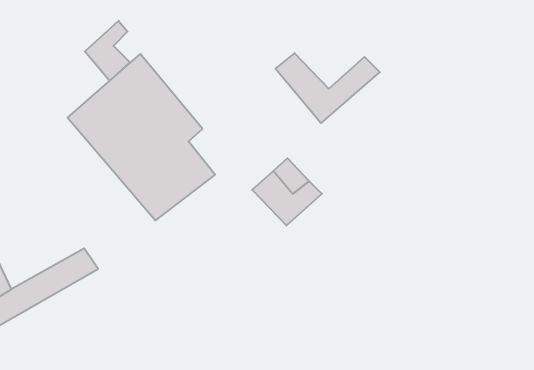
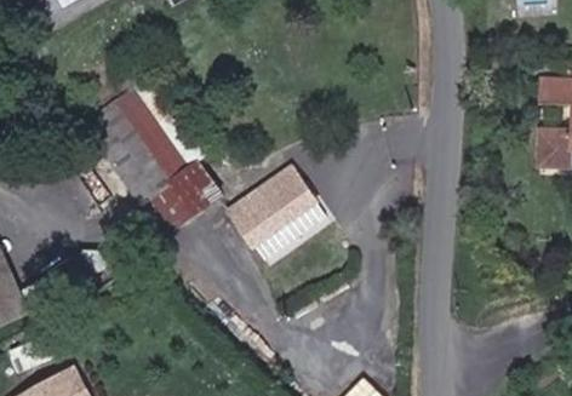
building: [85,21,130,81] -> none
building: [276,53,380,123] -> [230,191,330,258]

